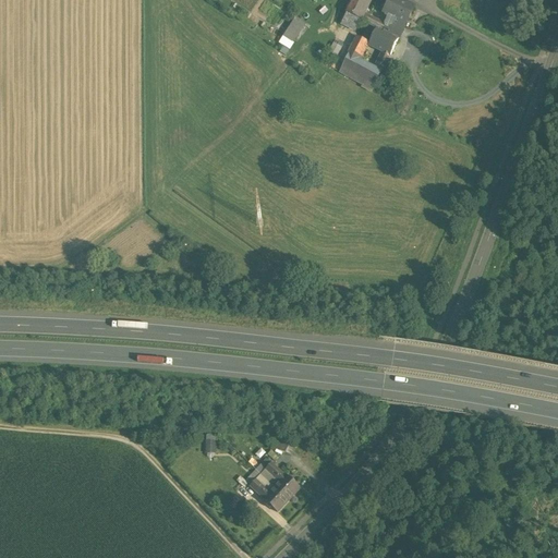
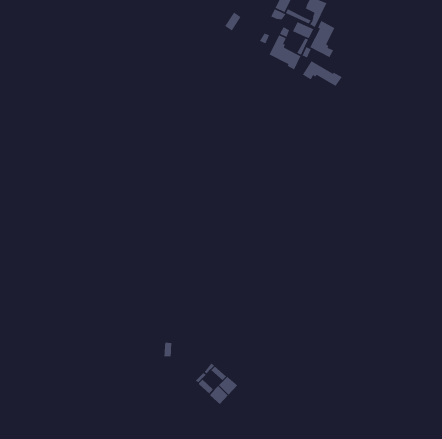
building: none -> [309,20,335,58]
building: none -> [302,60,343,87]

